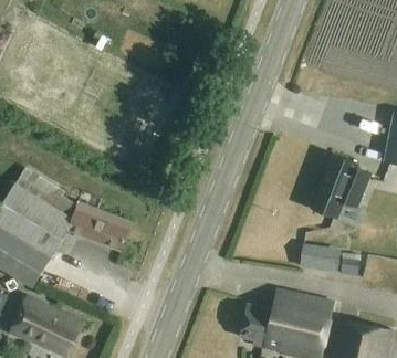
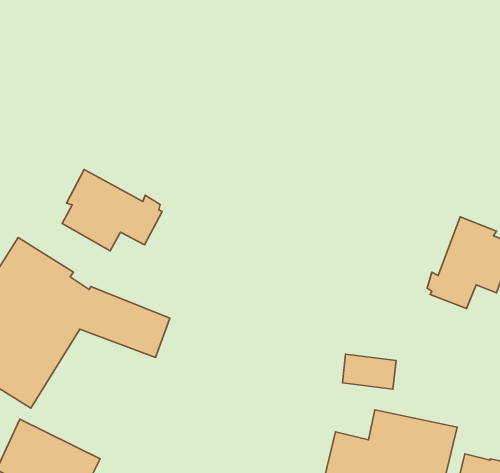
building: none -> [62,170,162,251]
building: [301,246,338,271] -> [342,354,396,389]

